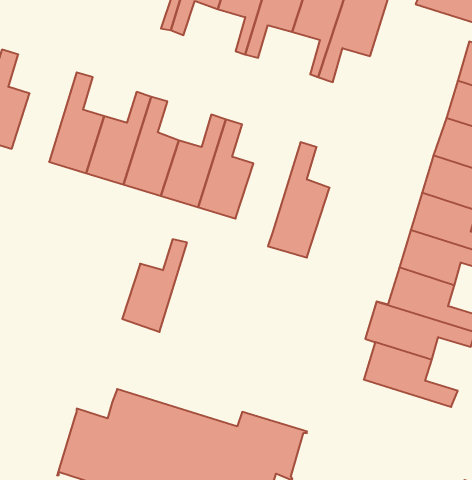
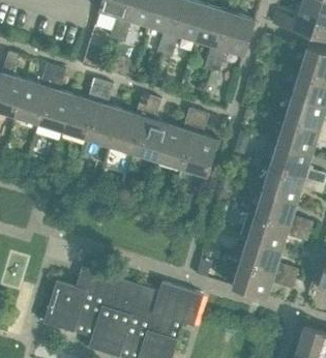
building: none -> [14,63,56,123]
building: [122,239,187,332] -> [157,109,199,168]
building: none -> [232,262,295,297]

